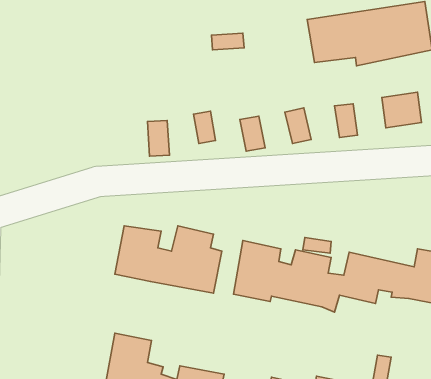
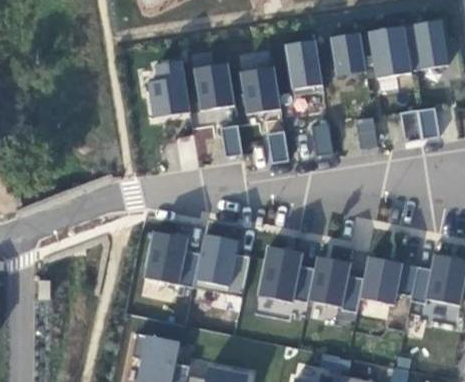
building: none -> [284,39,324,96]
building: none -> [148,60,191,119]
building: none -> [193,63,234,110]
building: none -> [241,66,280,114]

